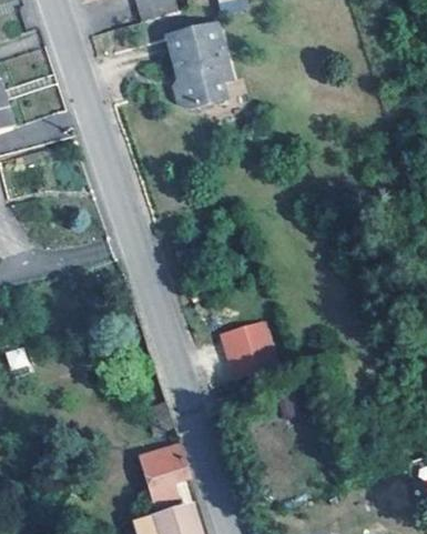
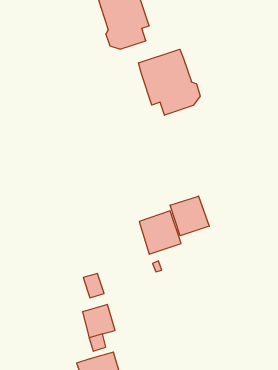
building: none -> [139,49,200,115]
building: none -> [170,196,209,236]

